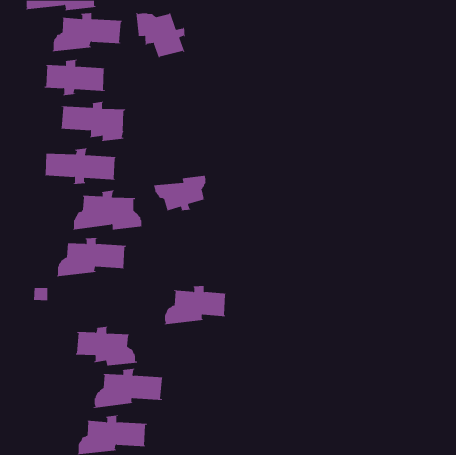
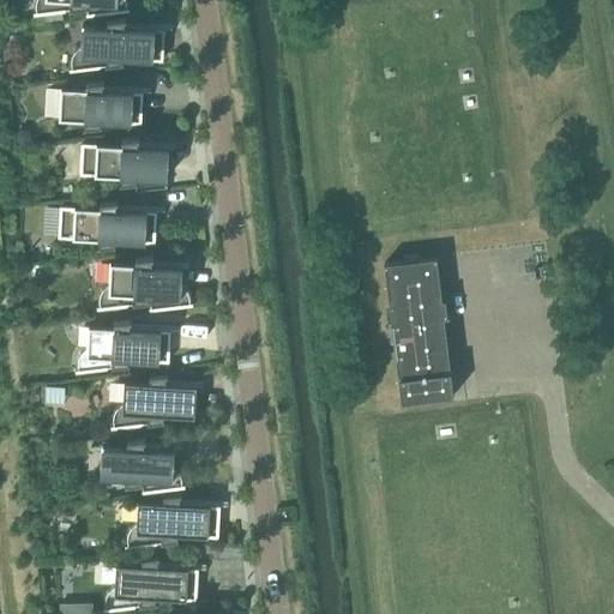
building: [136,12,185,58] -> none
building: [153,175,206,212] -> none
building: none -> [384,259,453,405]
building: [163,285,228,325] -> [110,378,197,431]

